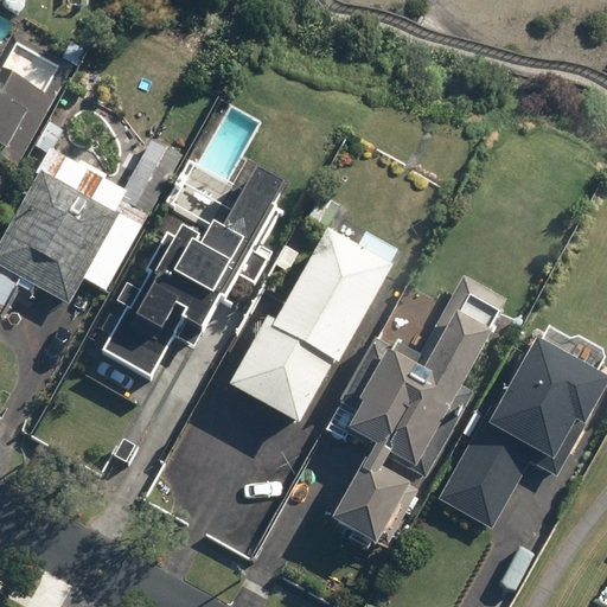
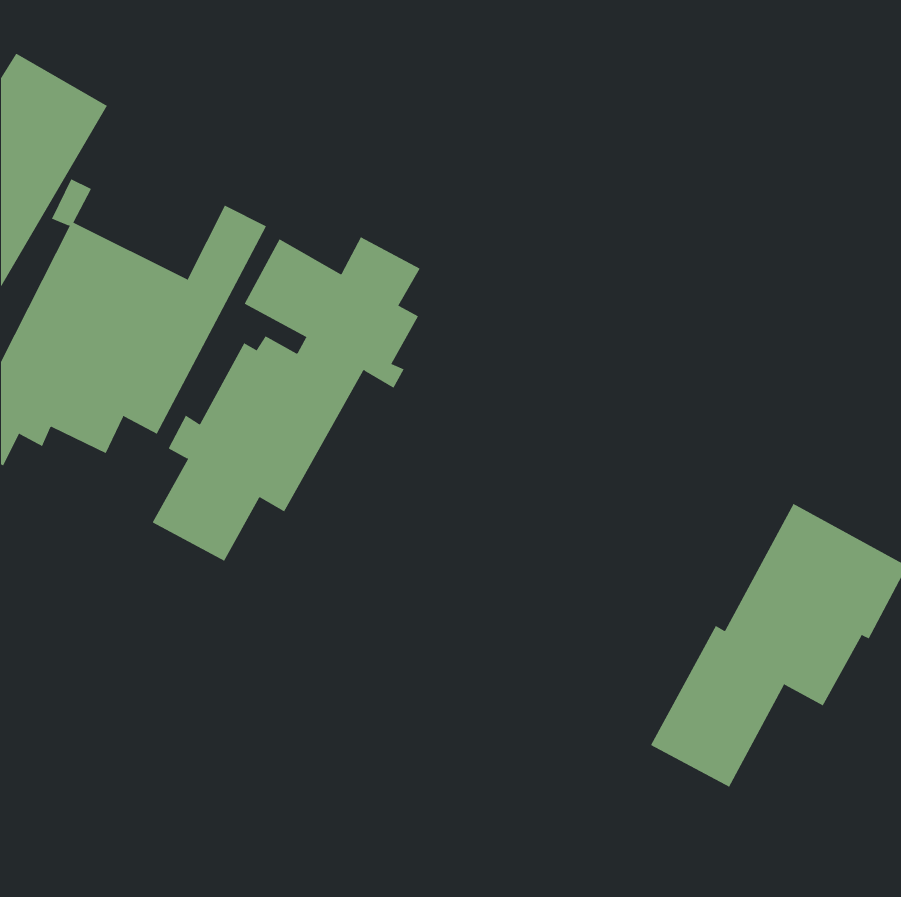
building: [226,231,400,424] -> none
building: [326,275,504,545] -> none

